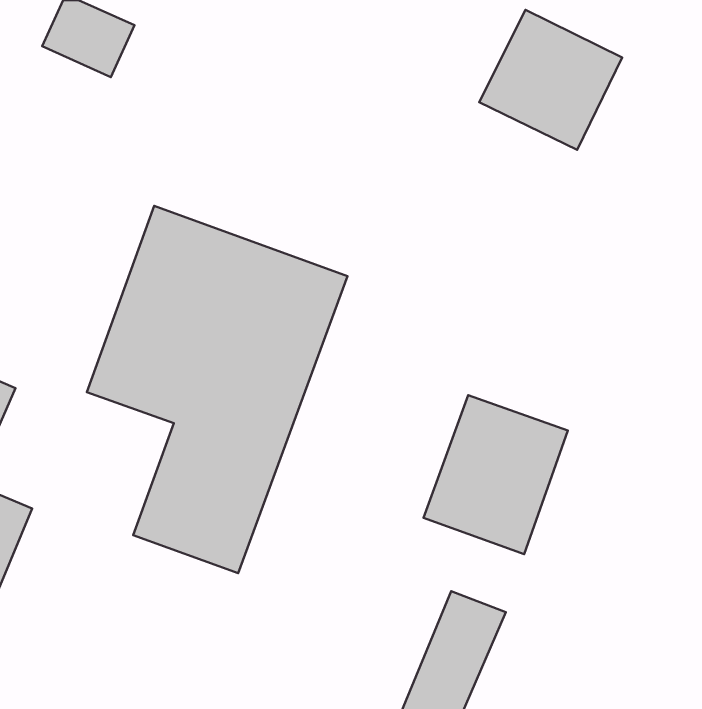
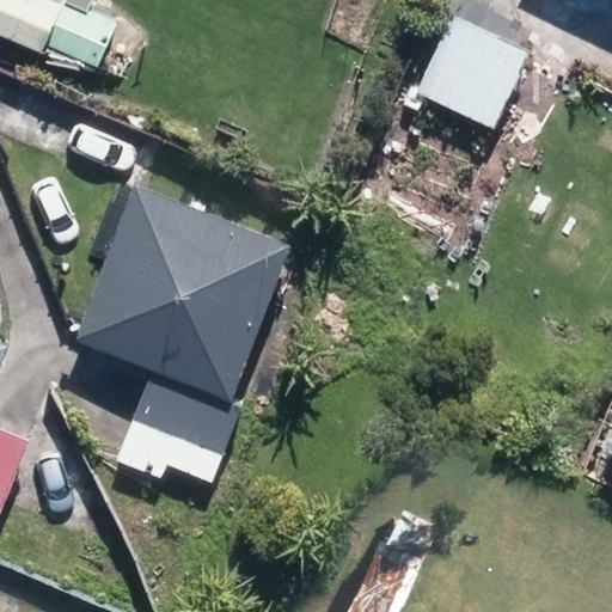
building: [424,395,568,554] -> none

